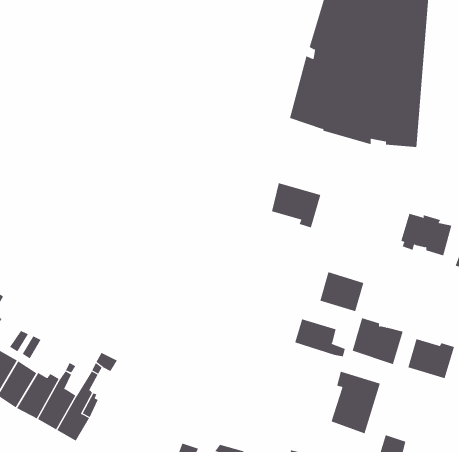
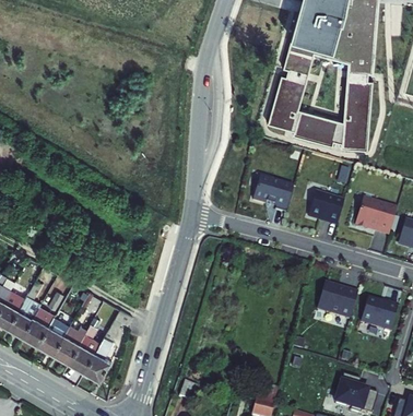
building: [320,272,364,312] -> [308,192,343,224]
building: [294,318,346,357] -> none
building: [331,371,380,434] -> none

